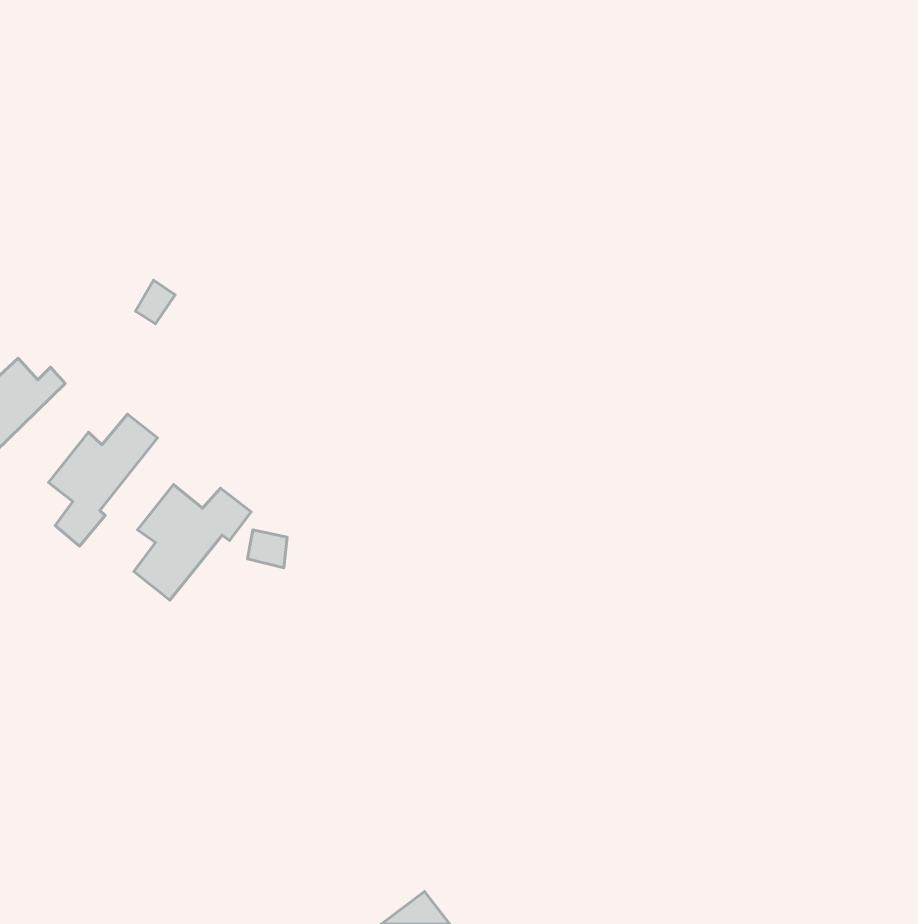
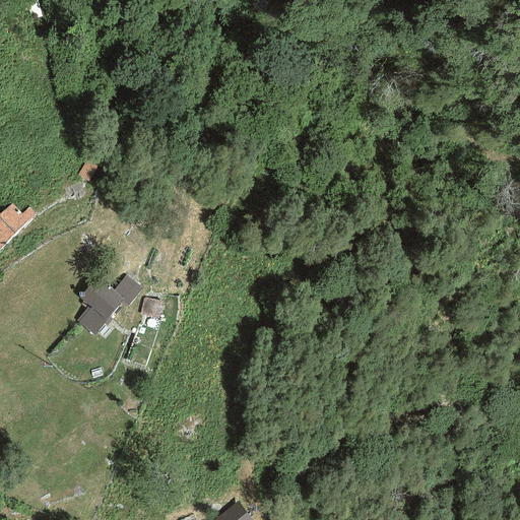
building: [49,414,157,546] -> none

